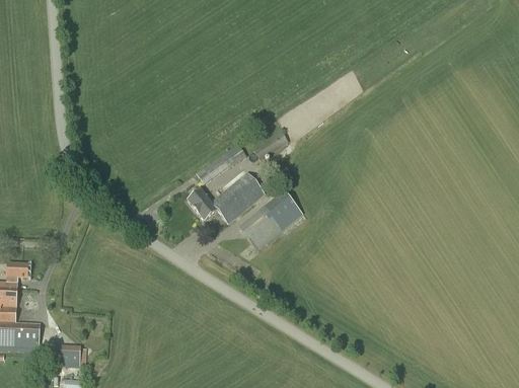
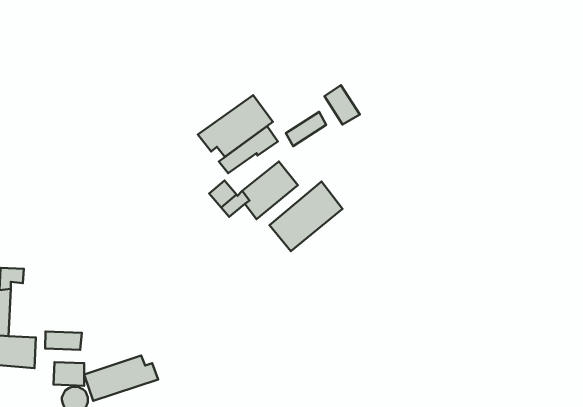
building: none -> [324,85,360,124]
building: none -> [198,95,273,157]
building: none -> [45,332,82,350]
building: none -> [84,356,158,401]

